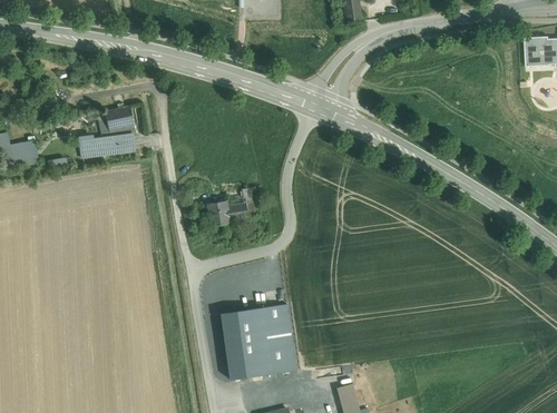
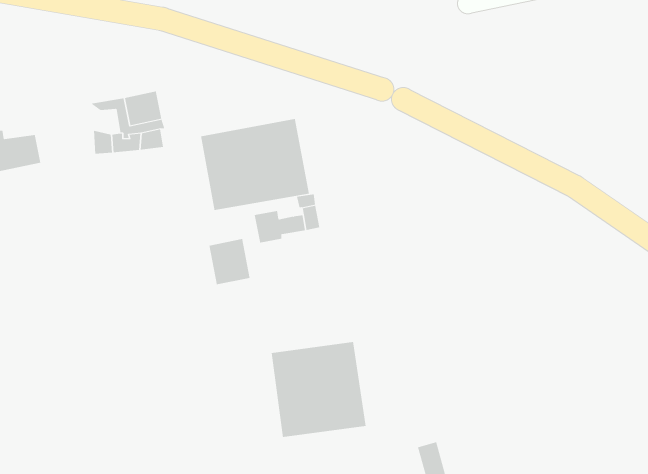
building: none -> [200,118,309,211]
building: none -> [209,238,250,285]

